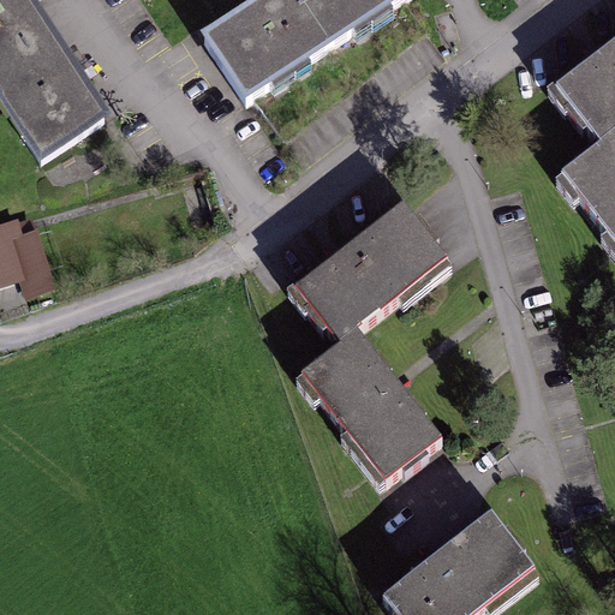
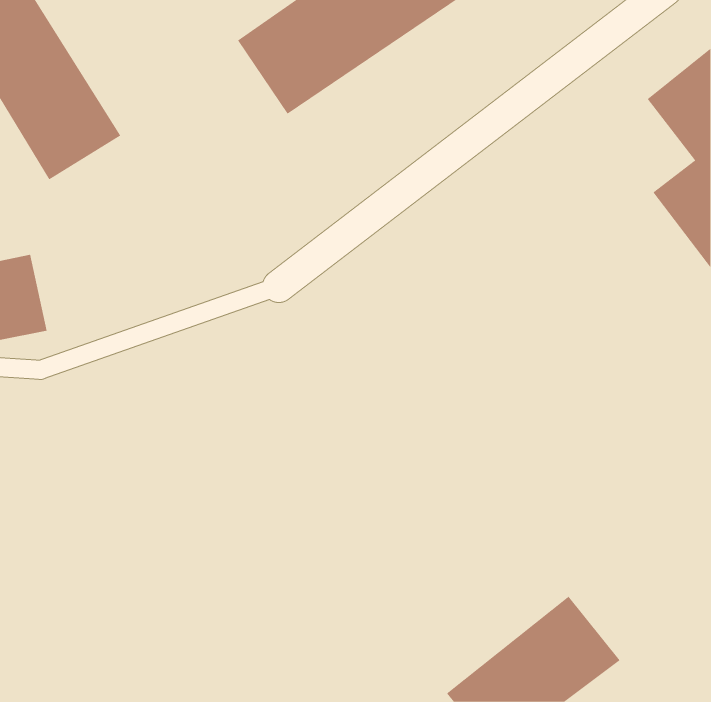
building: [293,207,442,484] -> none

